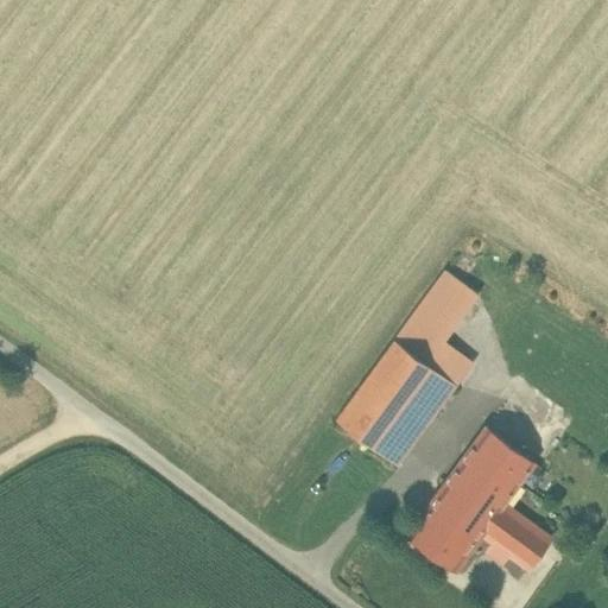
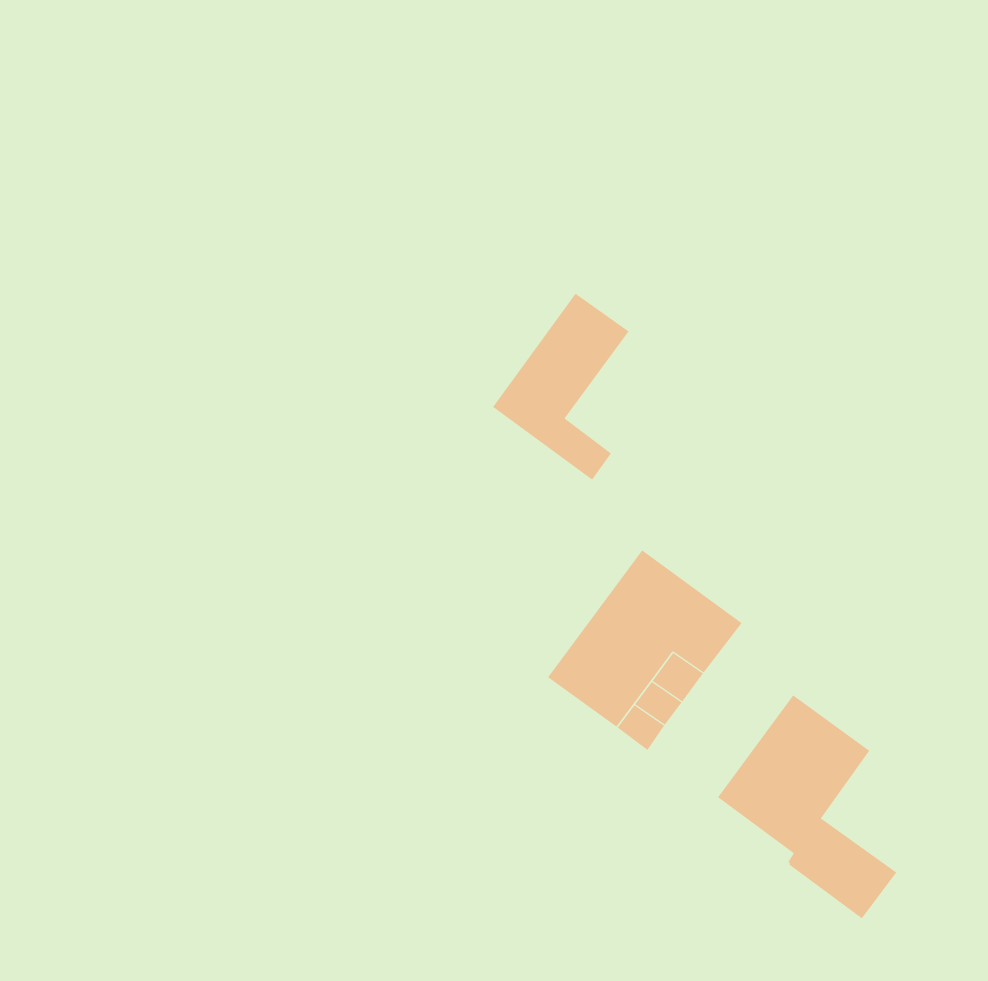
building: [394,272,479,387] -> [492,293,629,480]
building: [410,494,487,571] -> none

